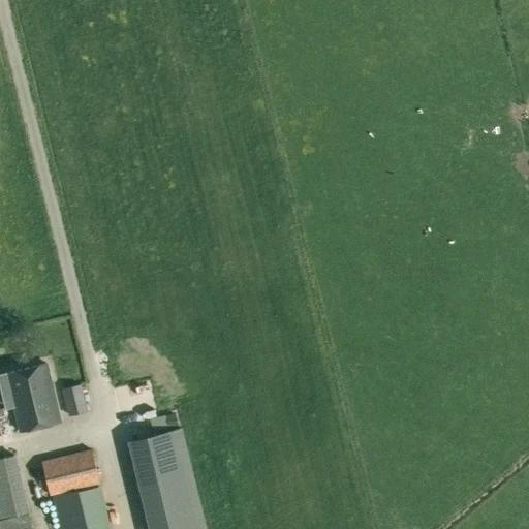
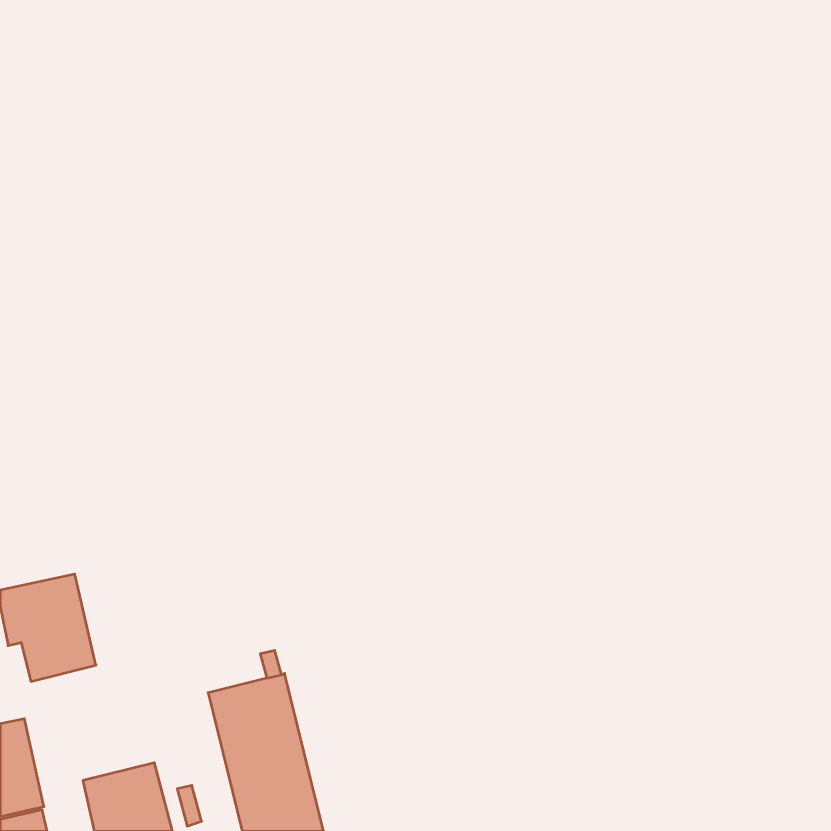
building: [62,385,88,416] -> none
building: [41,450,100,497] -> none

